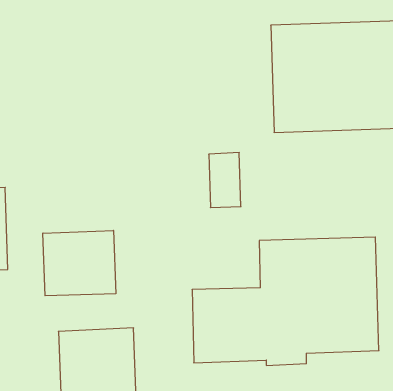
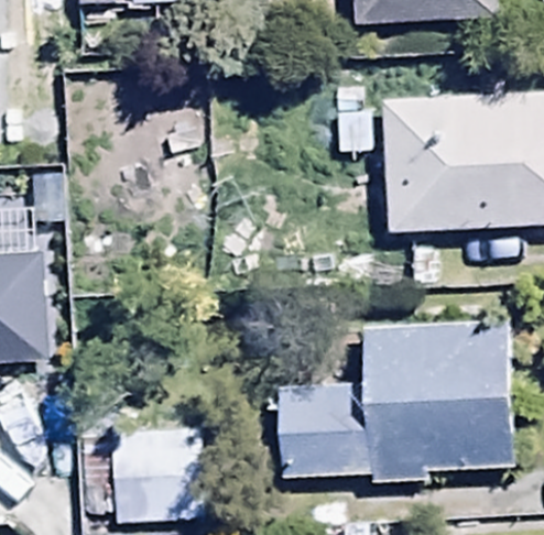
building: [43,230,116,296] -> none

